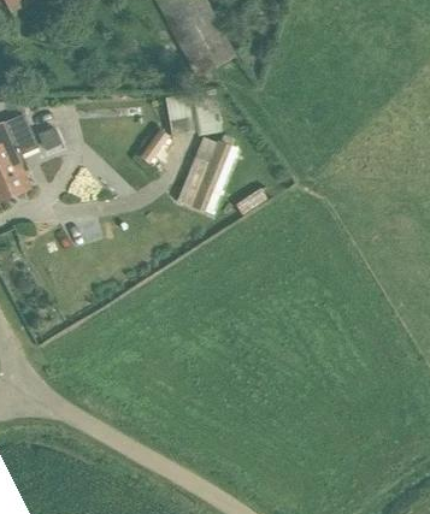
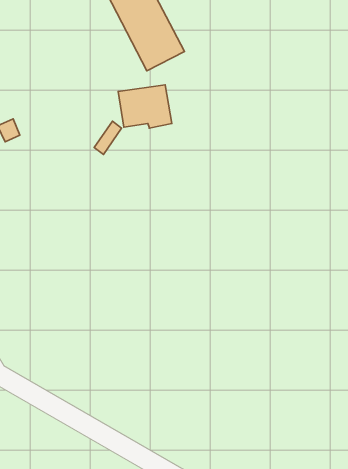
building: [178,140,231,212] -> none

